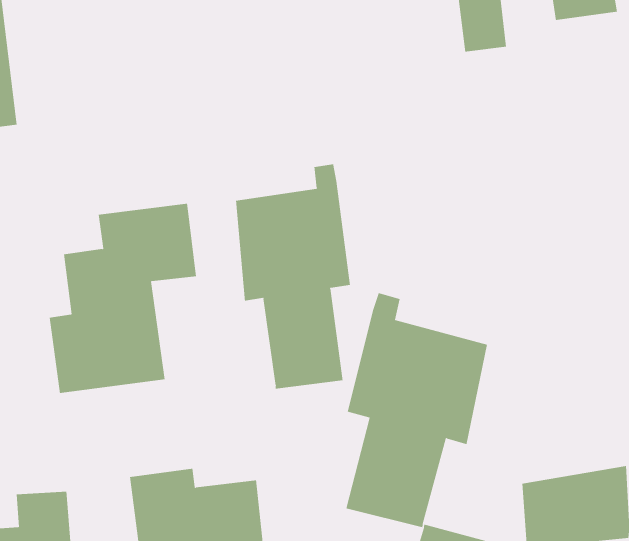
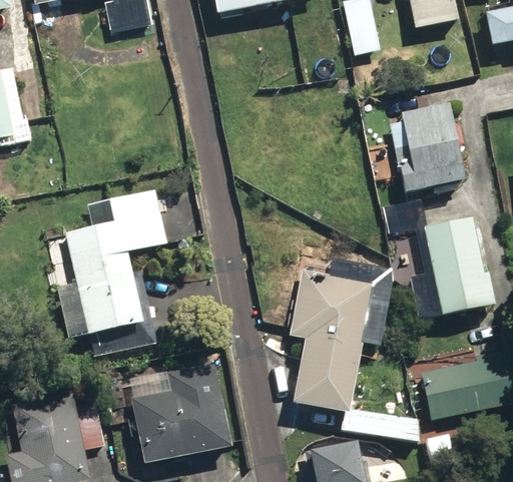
building: none -> [387,100,459,190]
building: [236,164,350,389] -> none
building: none -> [380,194,490,315]

